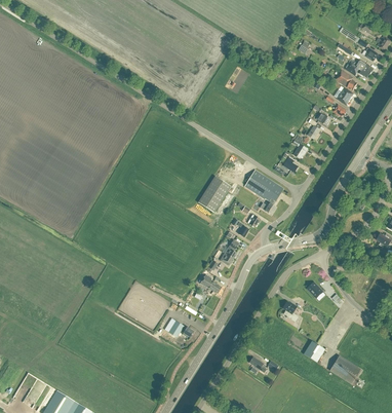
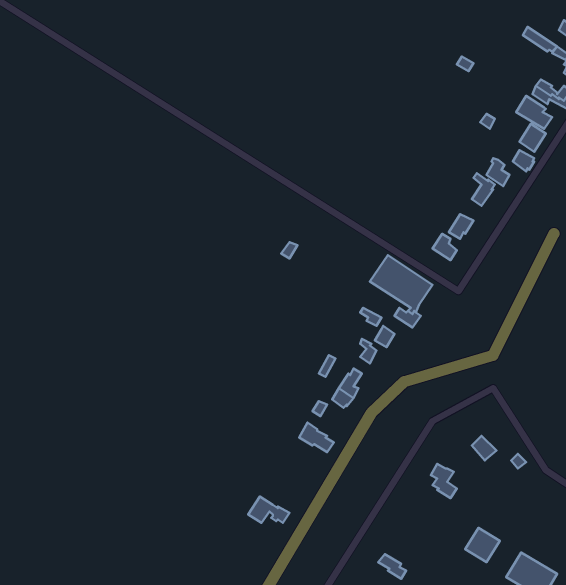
building: [198,175,231,212] -> none

